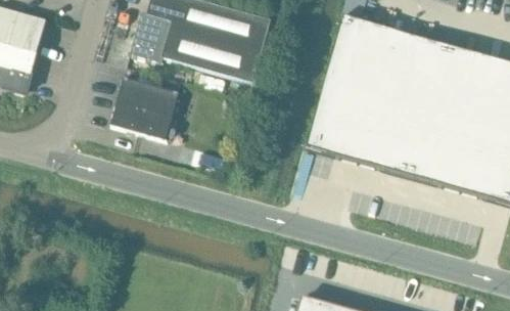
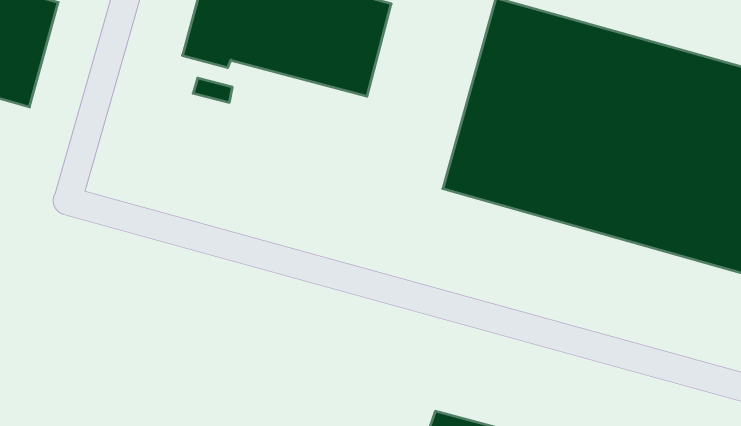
building: [110,77,179,138] -> none

